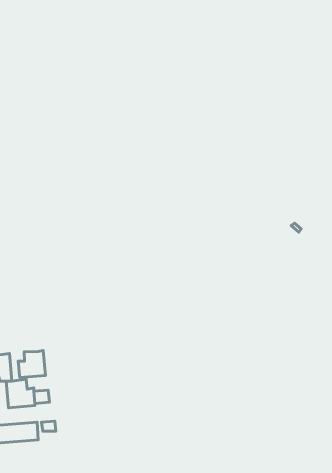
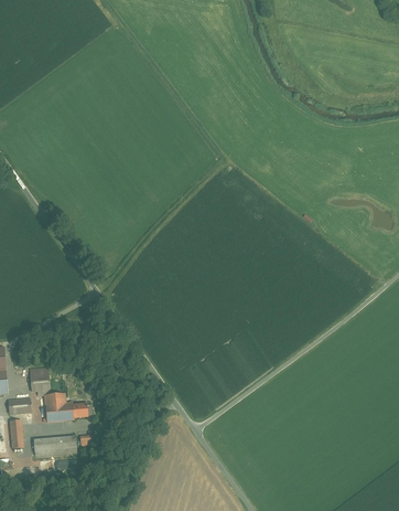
building: [18,351,45,378] -> none

